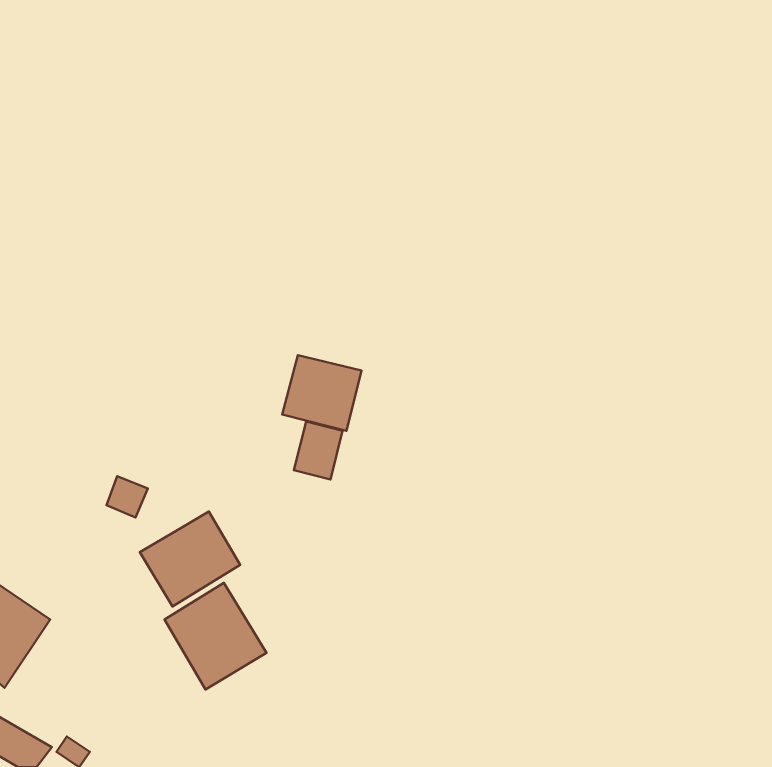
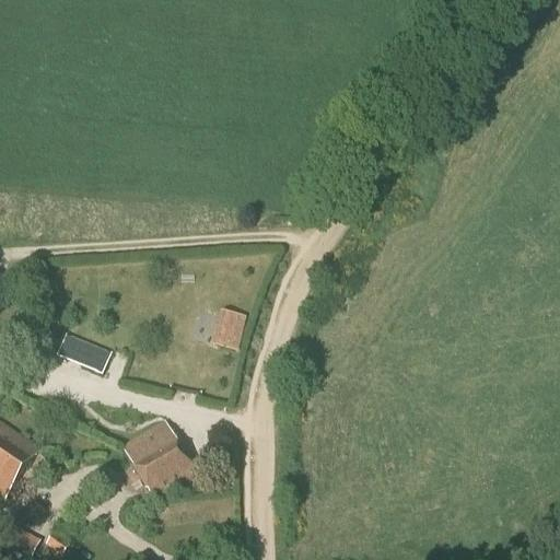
building: [282,355,362,431] -> none
building: [140,511,240,606] -> none

